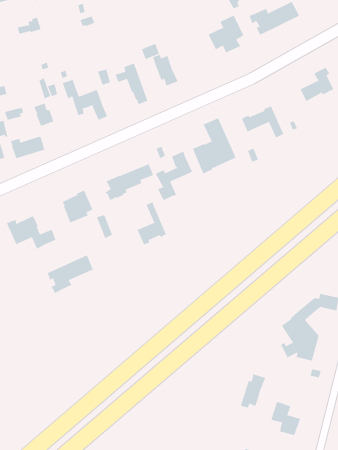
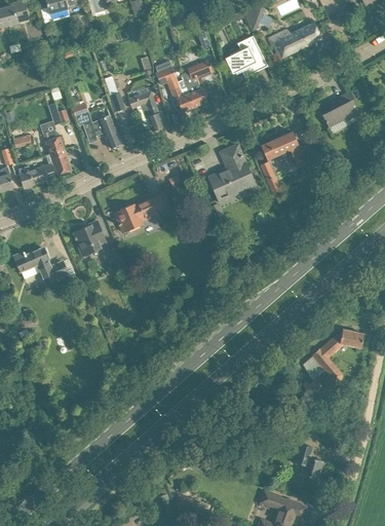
building: none -> [181,60,211,106]
building: none -> [45,148,71,175]
building: [155,151,193,201] -> none
building: [137,202,167,245] -> none
building: [47,254,94,294] -> none
building: [240,373,266,409] -> none

